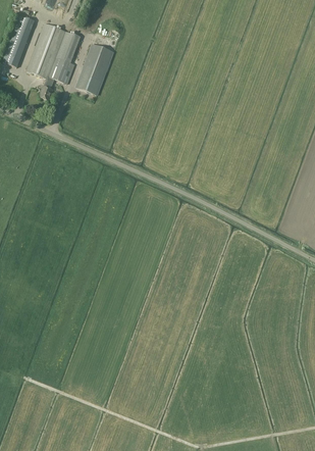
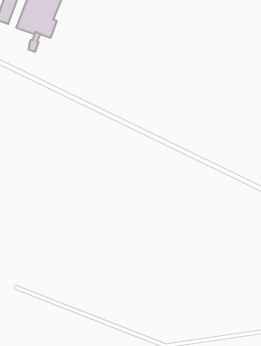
building: [76,44,113,95] -> none

